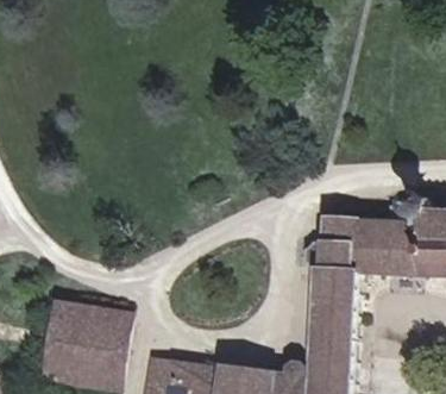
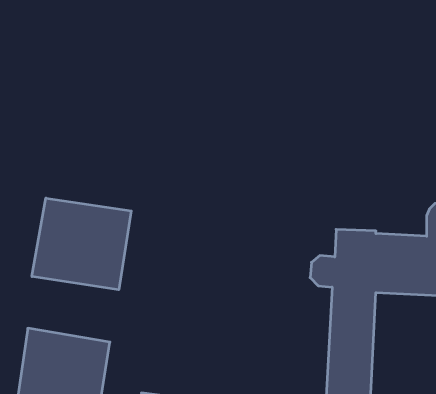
building: none -> [32,198,131,290]

